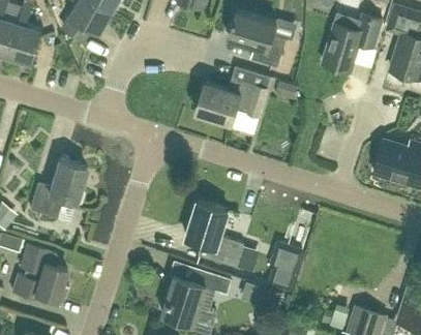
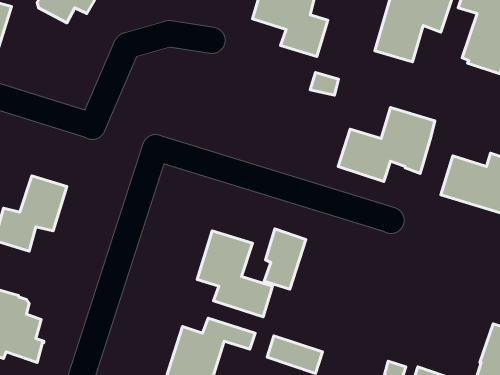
building: [197,67,271,124] -> [338,108,435,181]
building: [270,243,302,290] -> [264,229,306,289]

